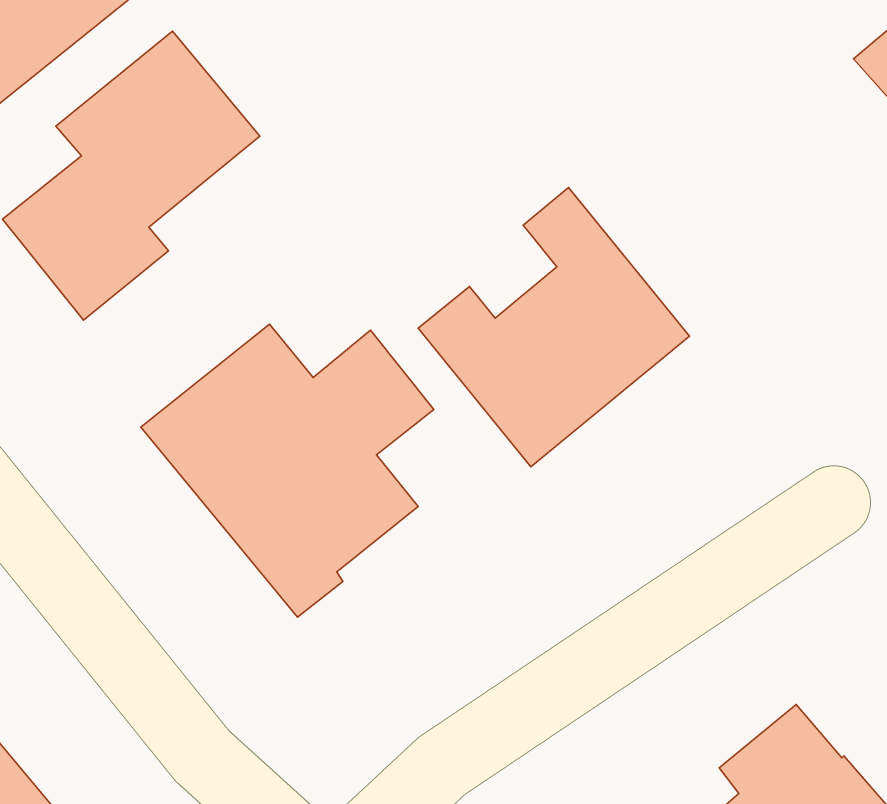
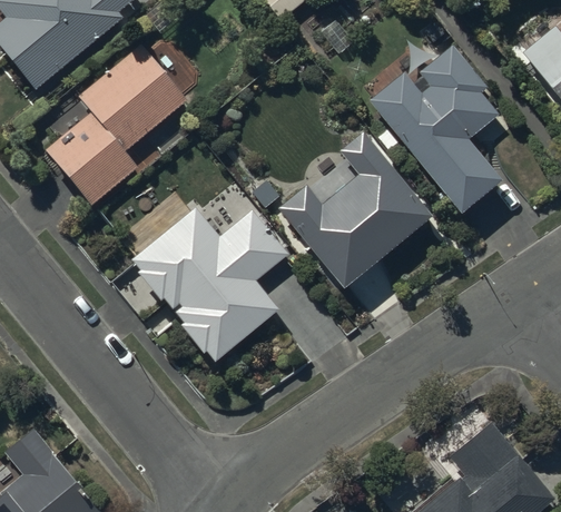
building: none -> [370,46,501,209]

